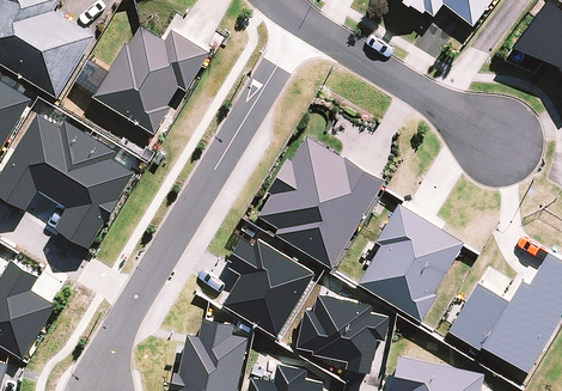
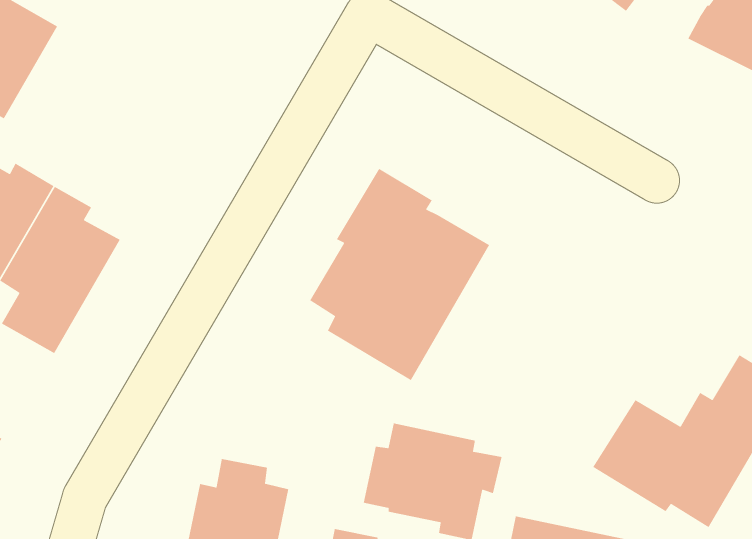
building: [94,25,206,132] -> none
building: [359,203,460,317] -> none
building: [221,240,313,341] -> none

